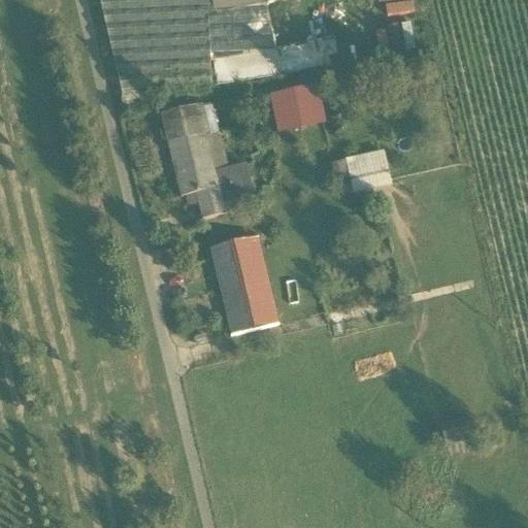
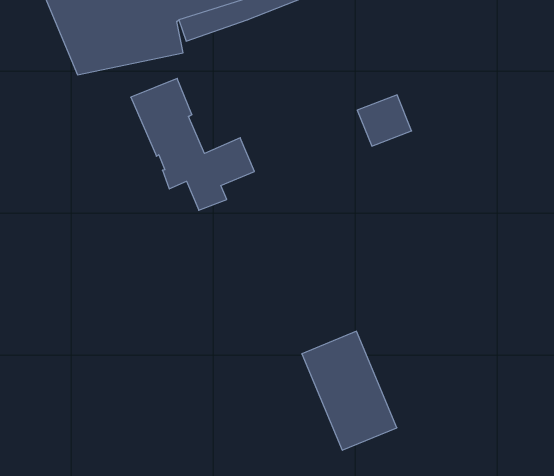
building: [271,84,324,128] -> none
building: [209,232,278,329] -> [302,331,397,450]

